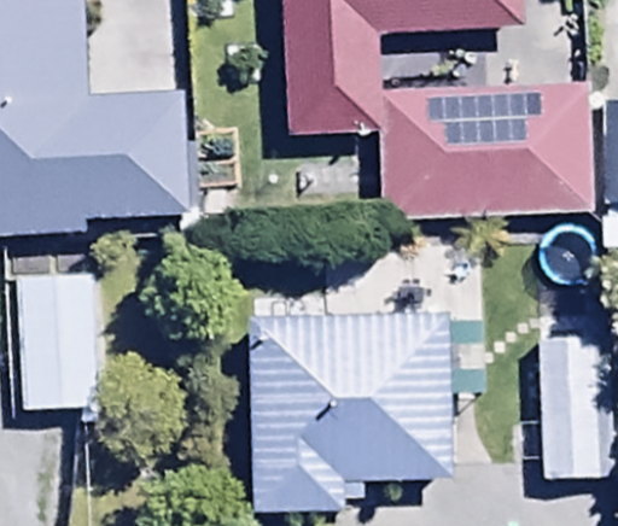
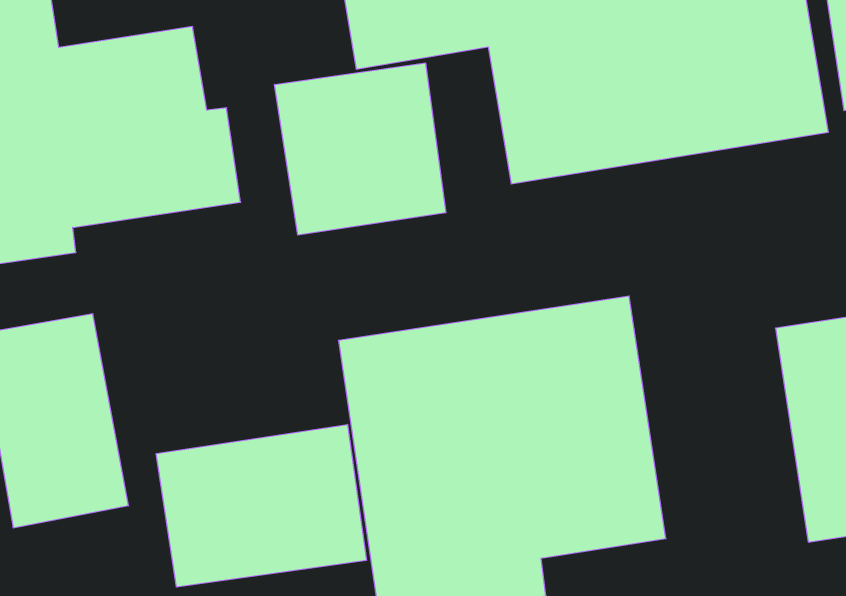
building: none -> [275,63,446,235]
building: none -> [156,424,366,587]

